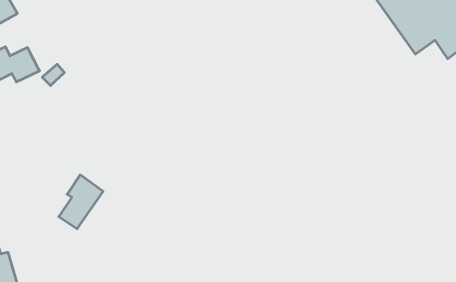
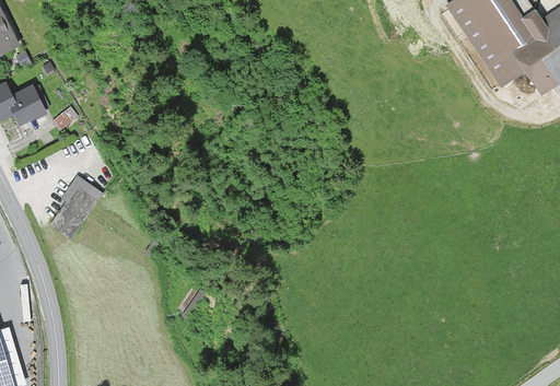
building: [59,175,103,229] -> [51,174,104,237]

